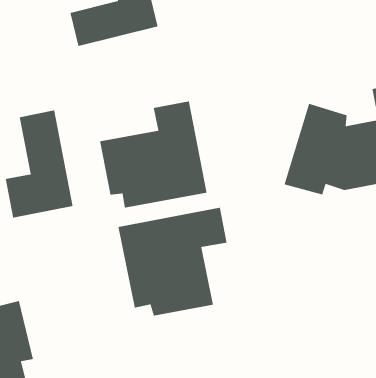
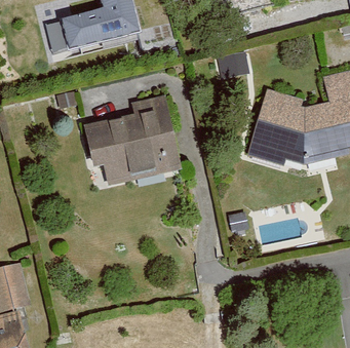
building: [5,109,74,219] -> none
building: [118,207,228,317] -> none

